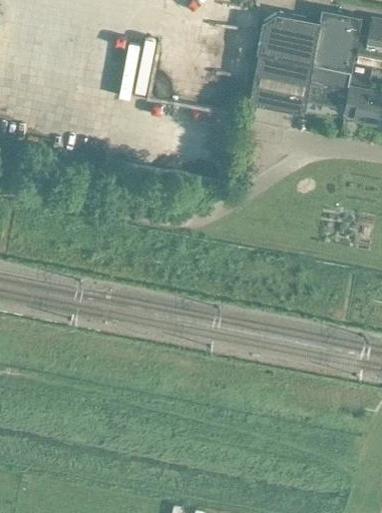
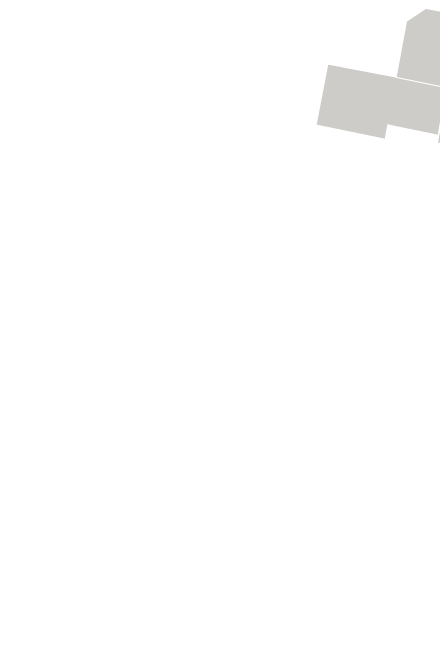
building: [256,12,320,64] -> none

